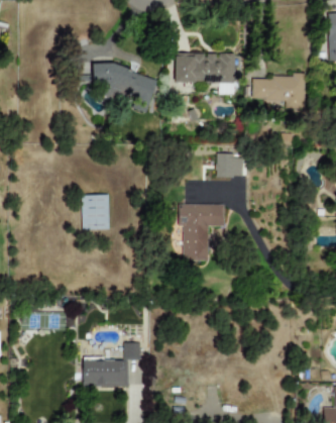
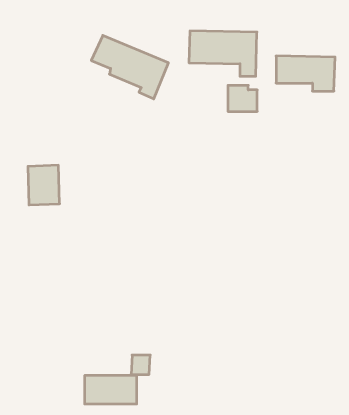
building: [217,153,243,177] -> [228,85,257,111]
building: [82,194,110,229] -> [28,165,60,205]
building: [179,203,225,259] -> none

